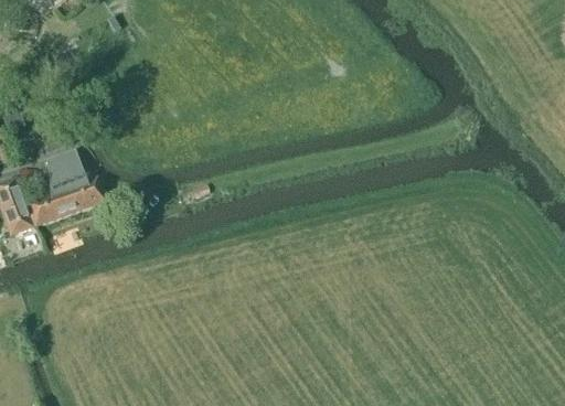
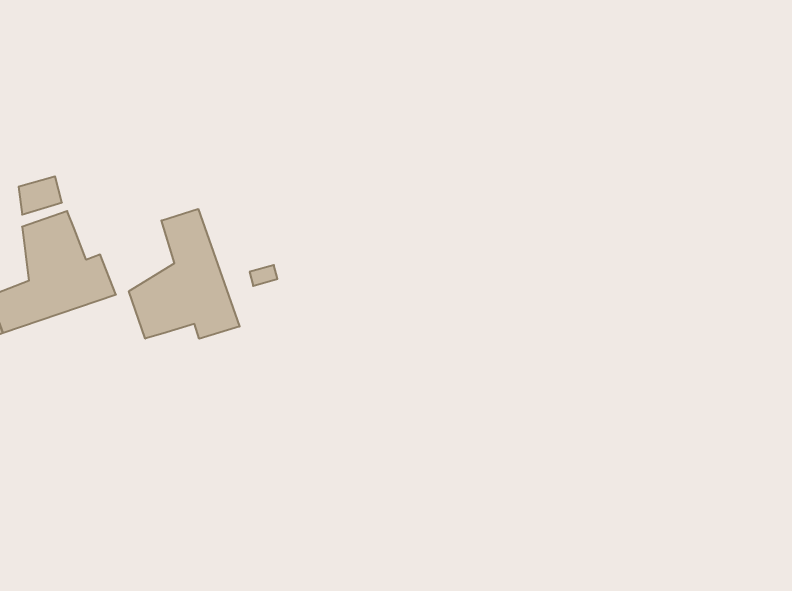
building: none -> [129,209,240,339]

